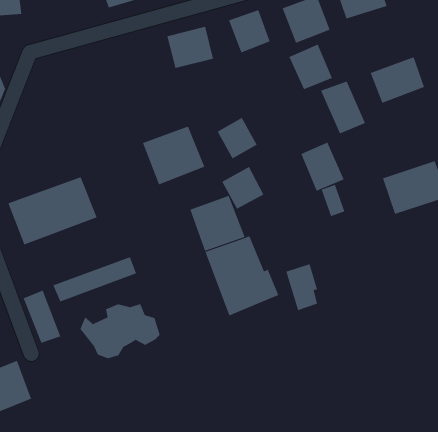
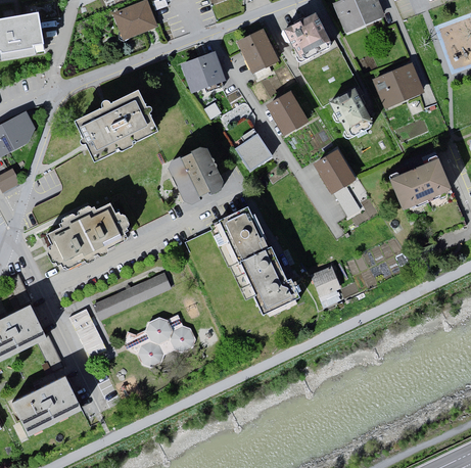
building: [289,44,333,90] -> [267,91,310,135]
building: none -> [74,85,160,161]
building: [221,166,264,209] -> none

